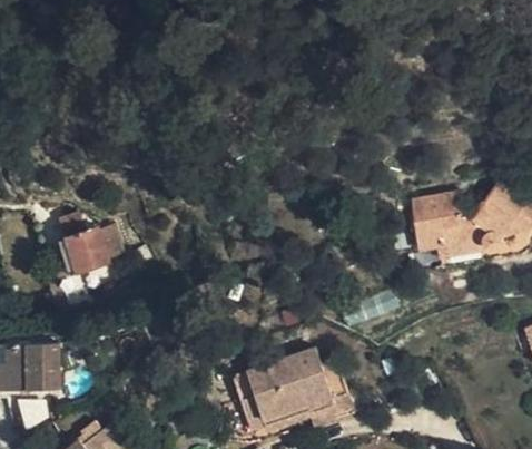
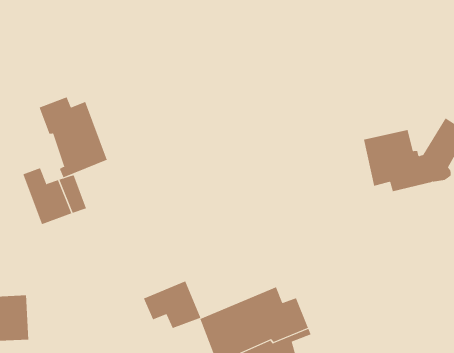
building: none -> [39,97,107,178]
building: none -> [143,280,201,329]

